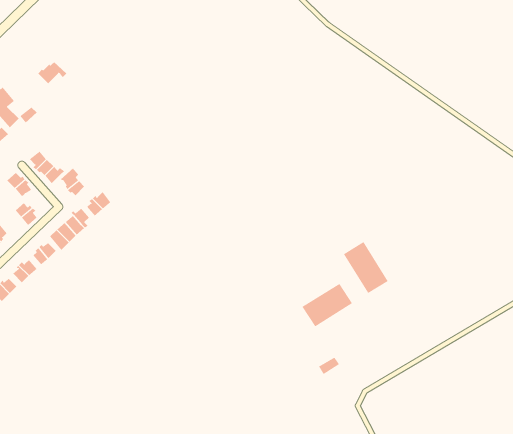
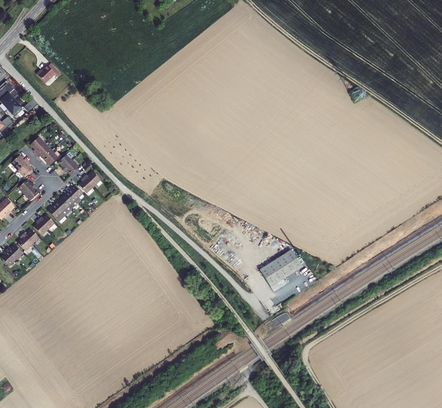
building: [343,241,389,294] -> none

